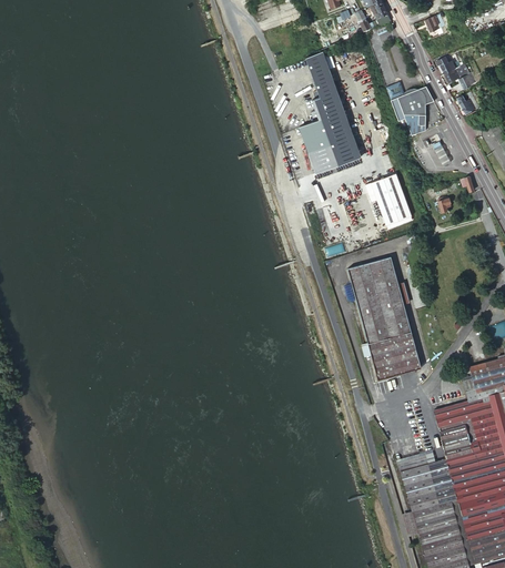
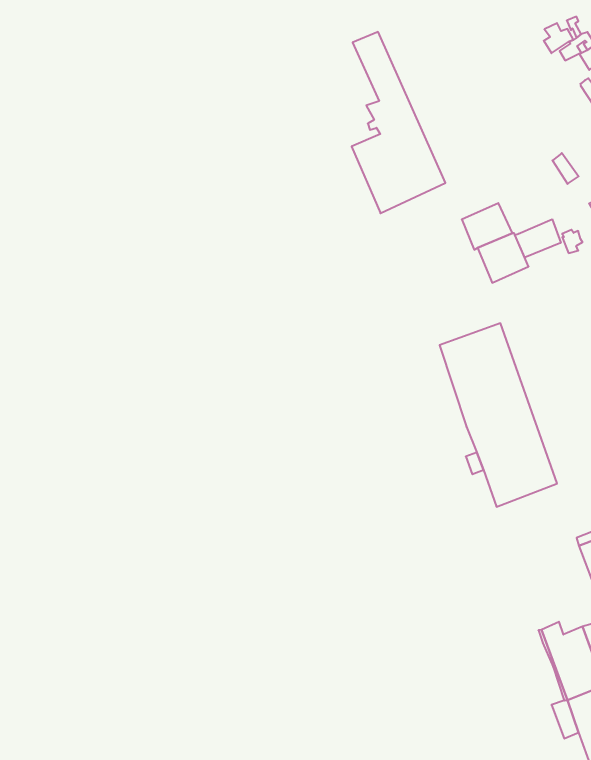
building: [398,87,434,135] -> none
building: none -> [515,219,561,257]

